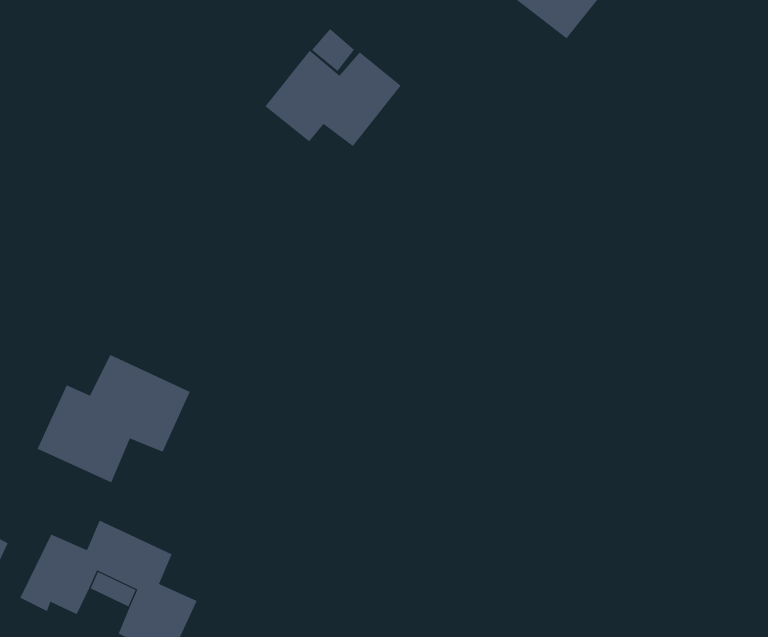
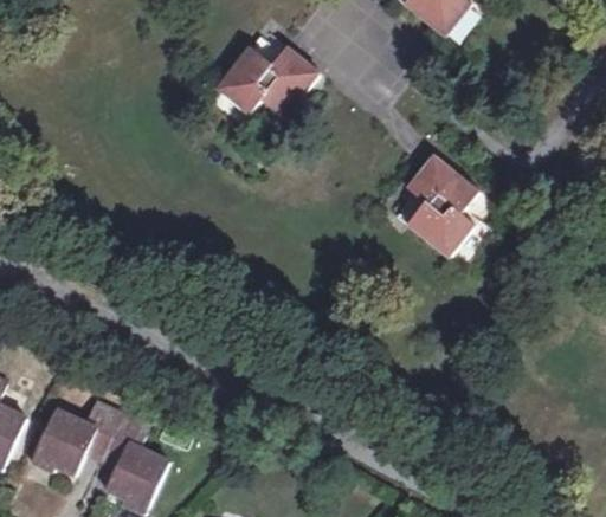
building: none -> [412,157,479,256]
building: [37,354,190,483] -> none

